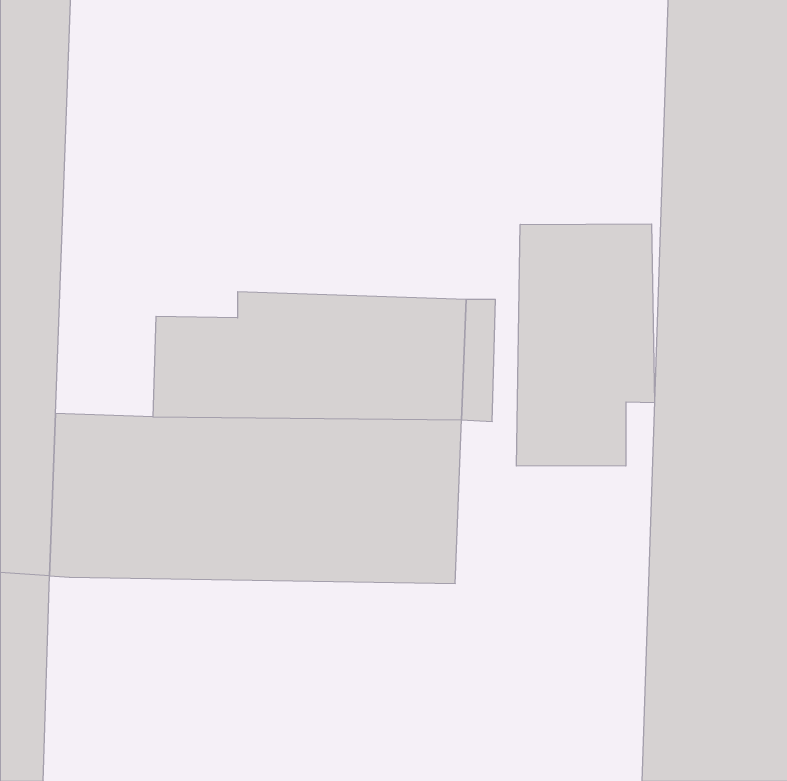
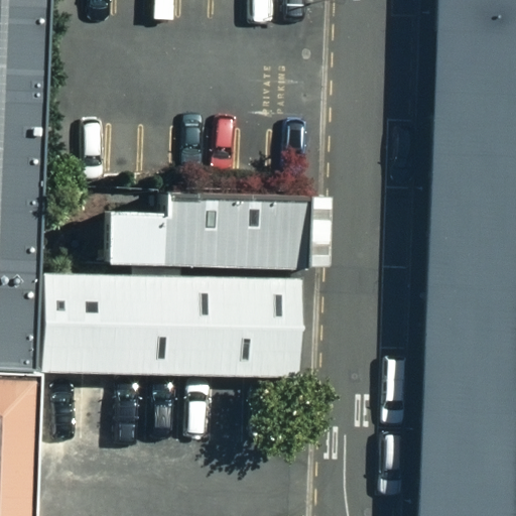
building: [516,224,655,466] -> none

